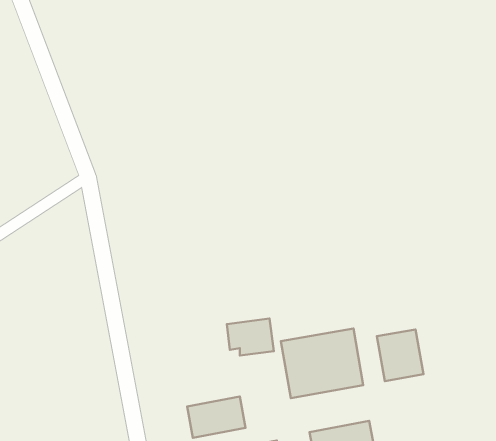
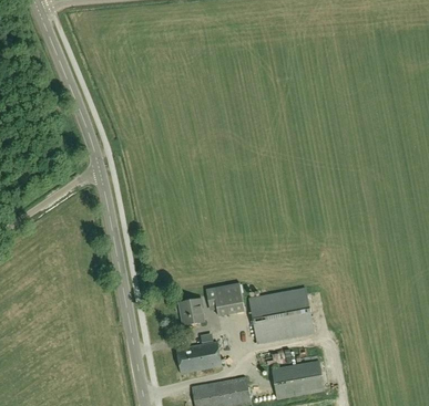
building: [377,329,423,381] -> none
building: none -> [178,298,205,325]

